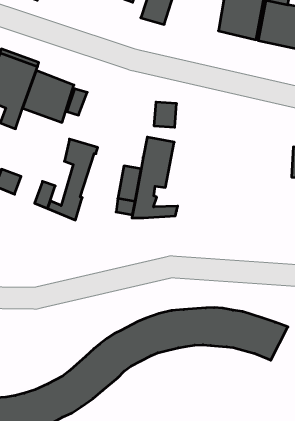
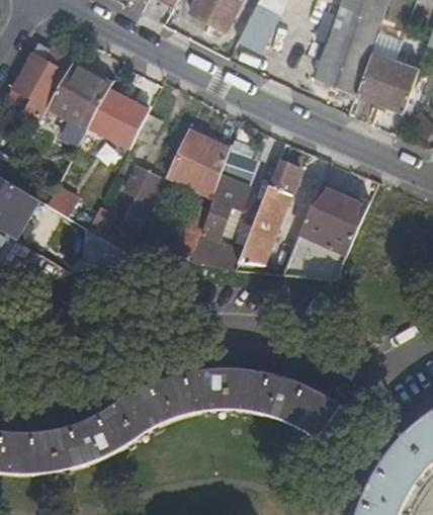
building: none -> [166,130,229,197]
building: none -> [239,161,300,264]
building: none -> [281,181,369,281]

